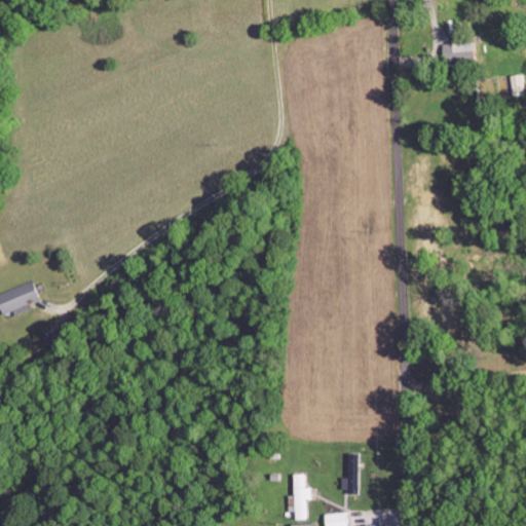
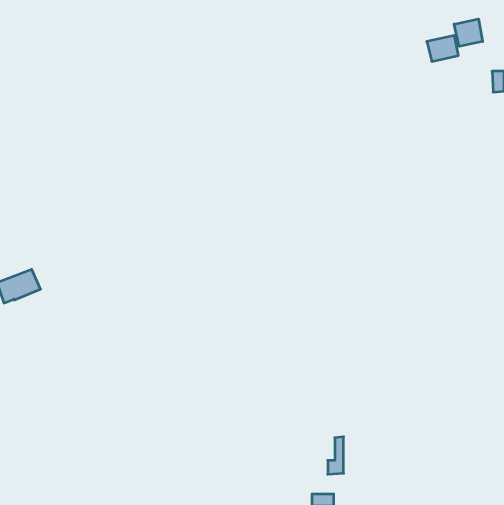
building: none -> [454,19,483,46]
building: [293,475,310,520] -> none

